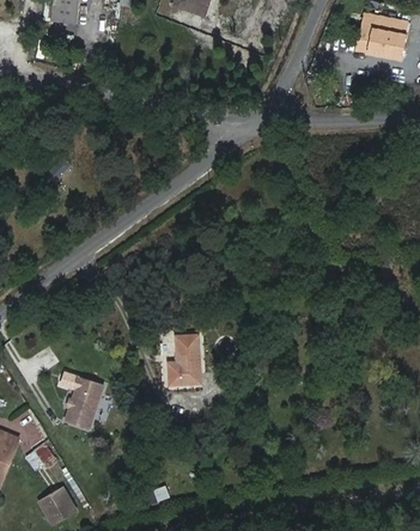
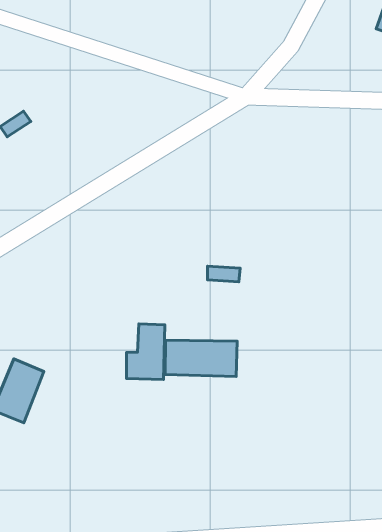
building: none -> [165,340,237,377]

